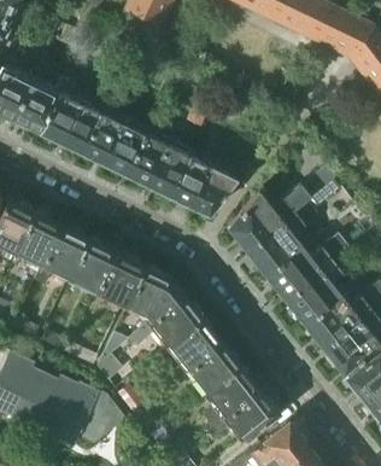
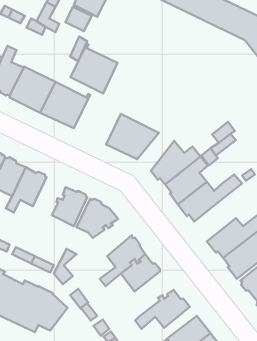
building: [124,128,187,194] -> [70,44,118,94]
building: [70,238,113,289] -> none
building: [285,258,344,324] -> none
building: [128,293,201,346] -> none
building: [204,363,257,424] -> none

